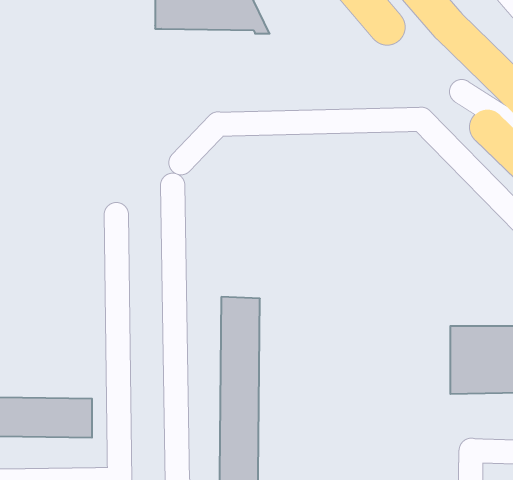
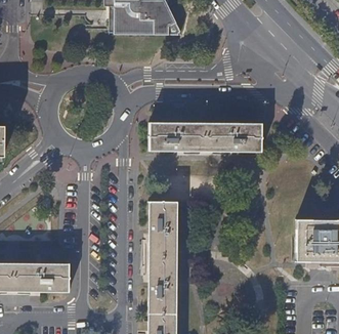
building: none -> [150,125,263,152]

